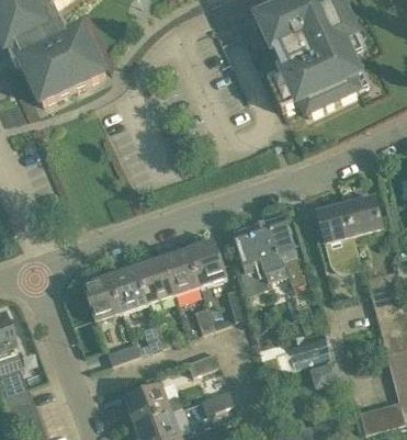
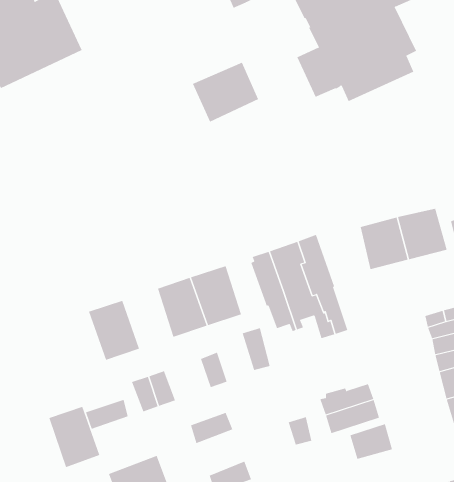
building: none -> [192,62,259,122]
building: [135,256,173,302] -> none
building: [82,273,122,320] -> [48,406,100,468]

